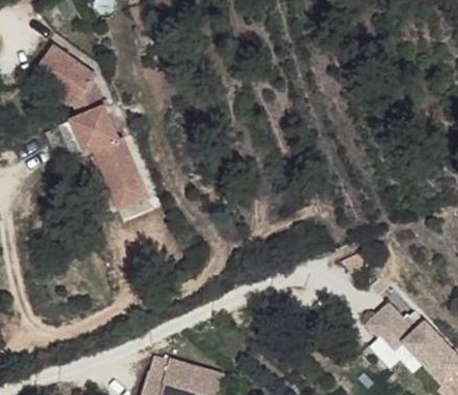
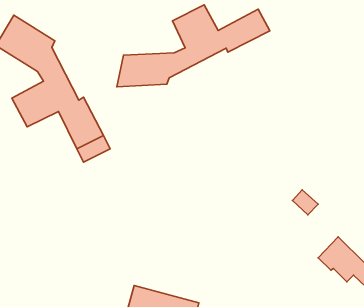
building: none -> [117,5,270,87]

